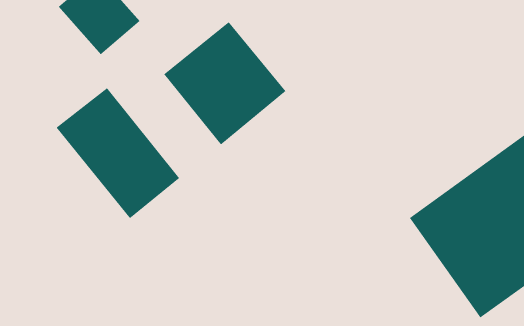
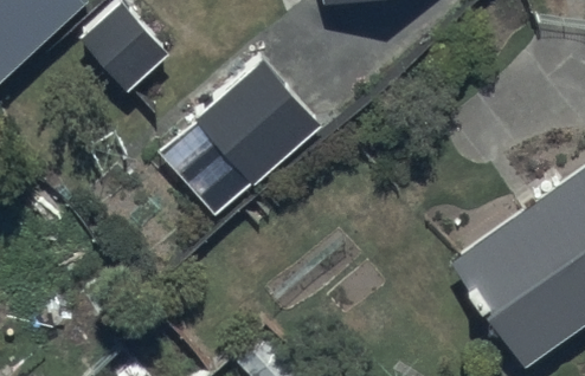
building: [55,87,180,219] -> none

